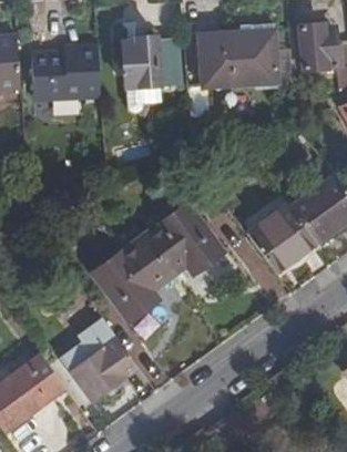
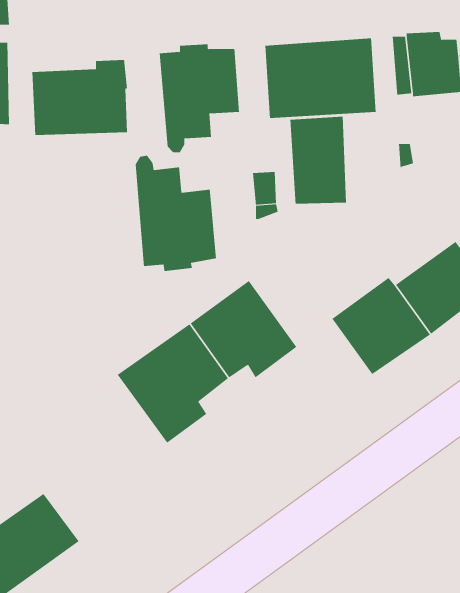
building: none -> [290,116,347,204]
building: none -> [135,155,217,272]
building: [61,338,137,401] -> none

